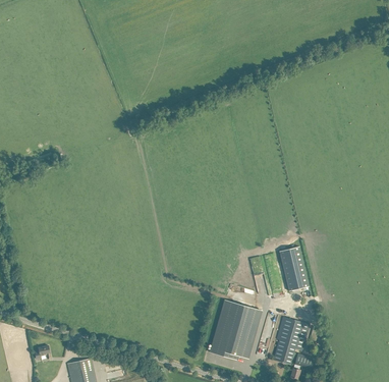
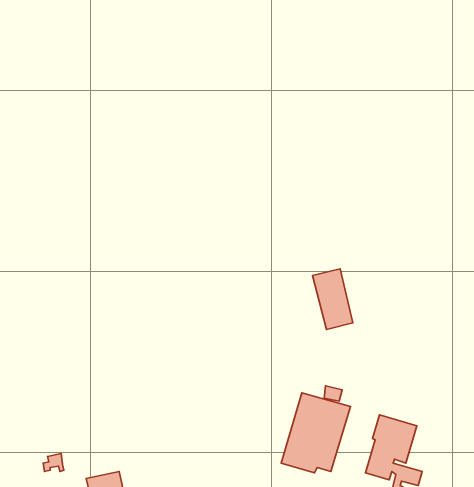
building: [278,247,308,291] -> [313,269,353,330]

